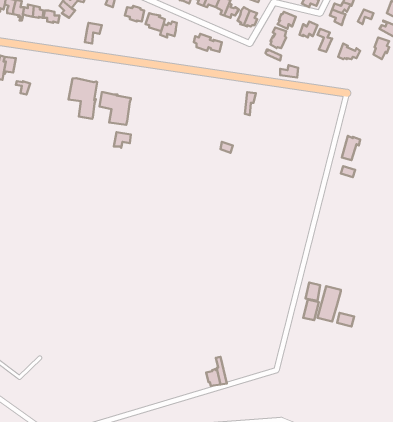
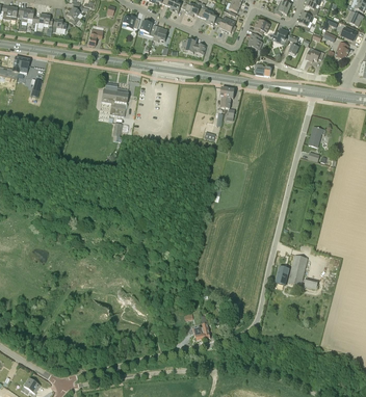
building: [69,78,97,119] -> none

